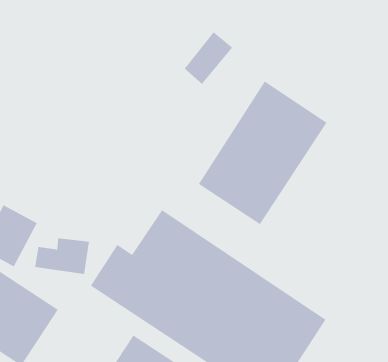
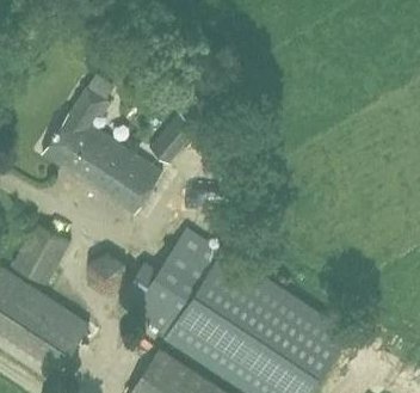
building: [184,31,233,85] -> [150,112,198,164]
building: none -> [42,86,162,214]
building: [198,80,327,225] -> none

